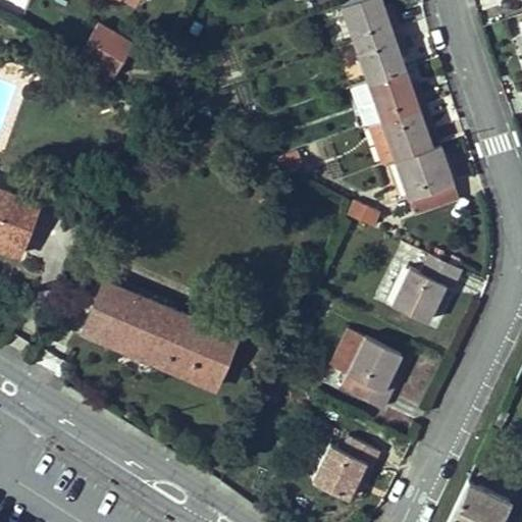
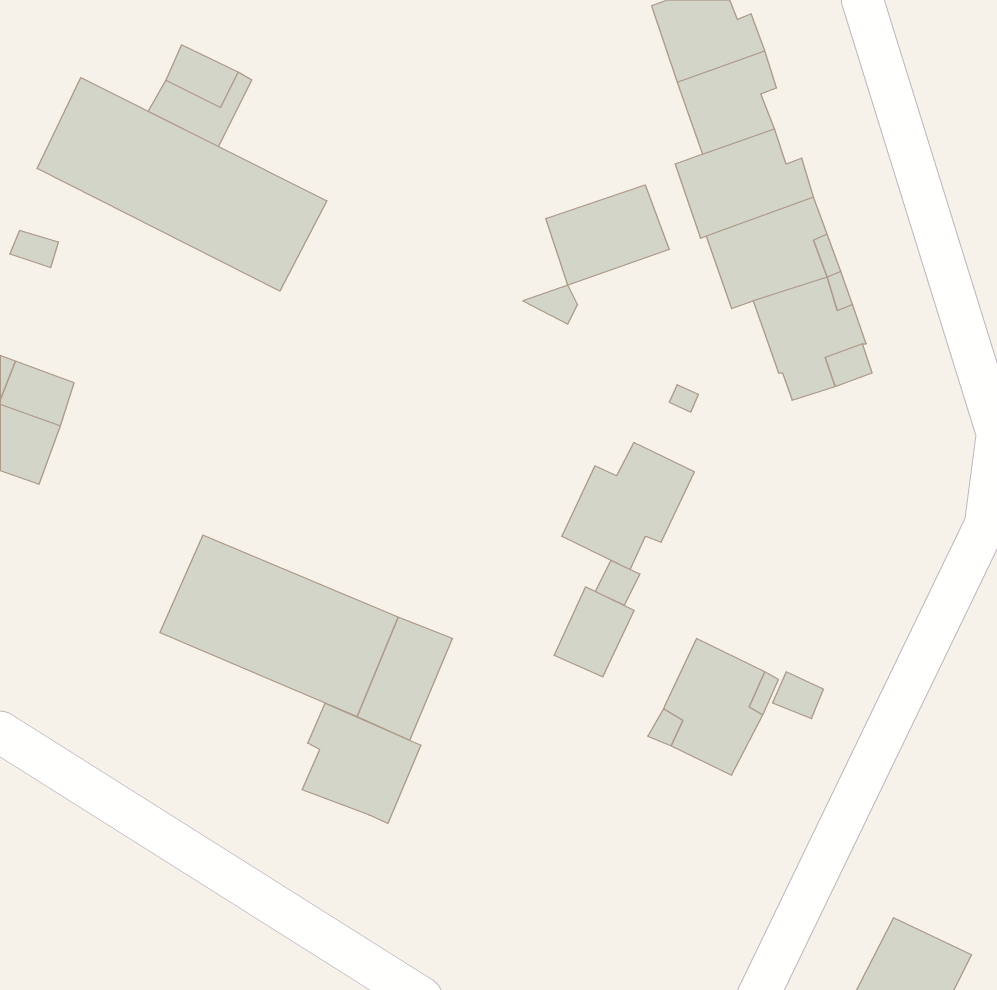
building: none -> [37,78,327,291]
building: none -> [546,185,669,285]
building: [390,256,460,322] -> [562,443,694,569]
building: [322,325,364,372] -> [554,587,634,677]
building: none -> [302,703,421,823]
building: [311,437,379,500] -> none

